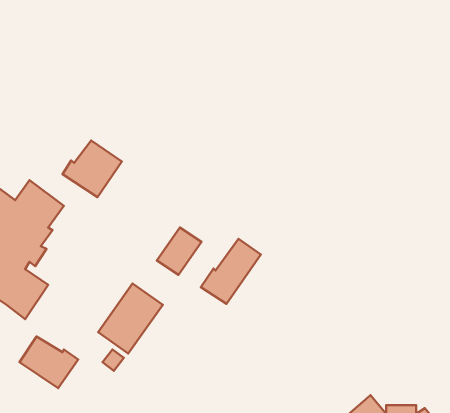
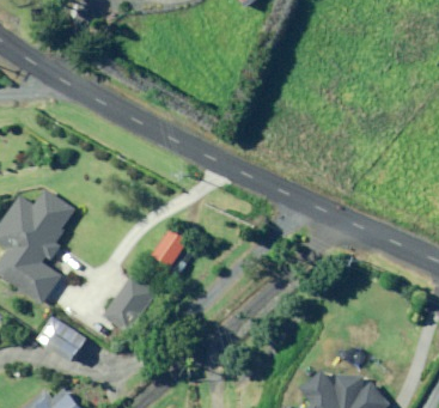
building: [62,141,122,197] -> none
building: [201,239,261,304] -> none

